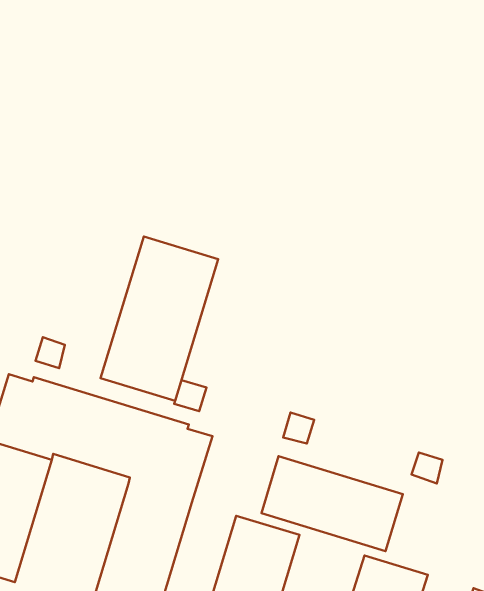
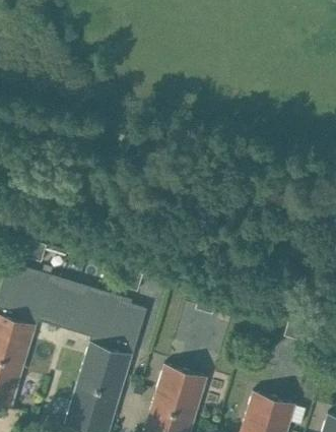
building: [101,237,218,401] -> none
building: [261,456,403,551] -> none

